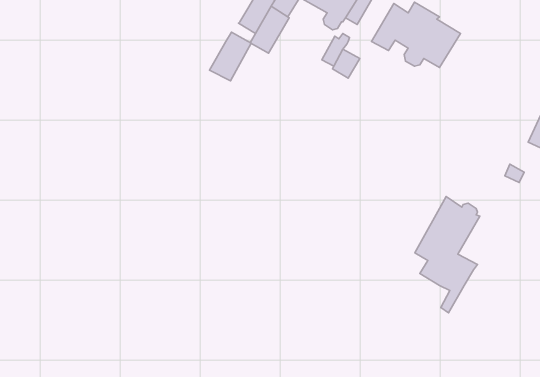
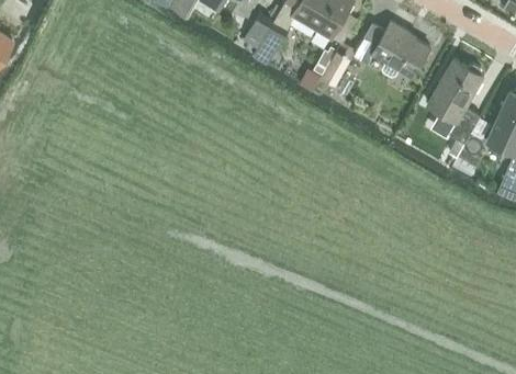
building: [210,32,251,81] -> none
building: [415,197,480,313] -> [428,59,483,157]

